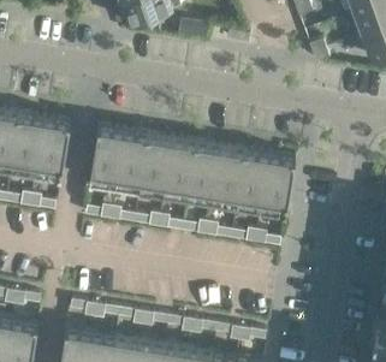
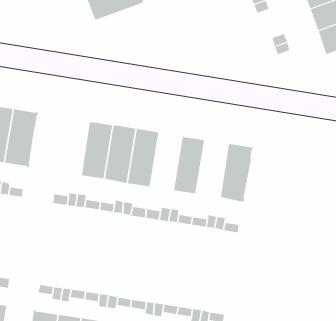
building: [88,126,123,188] -> none
building: [186,142,220,203] -> none
building: [234,149,268,210] -> none

